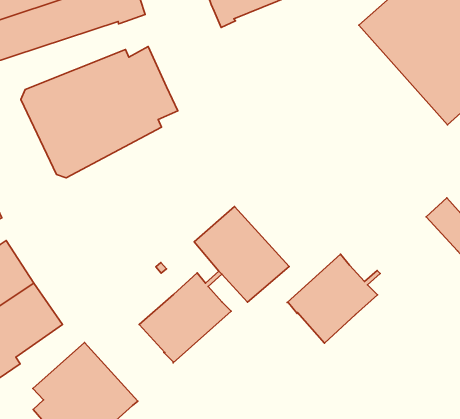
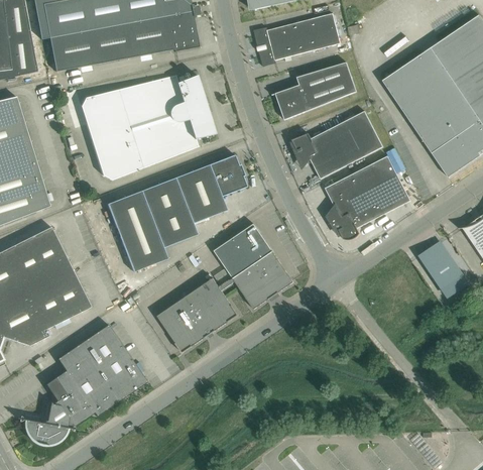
building: none -> [270,57,356,120]
building: none -> [291,111,382,179]
building: none -> [325,155,410,240]
building: none -> [106,154,246,271]
building: [287,254,380,343] -> none

